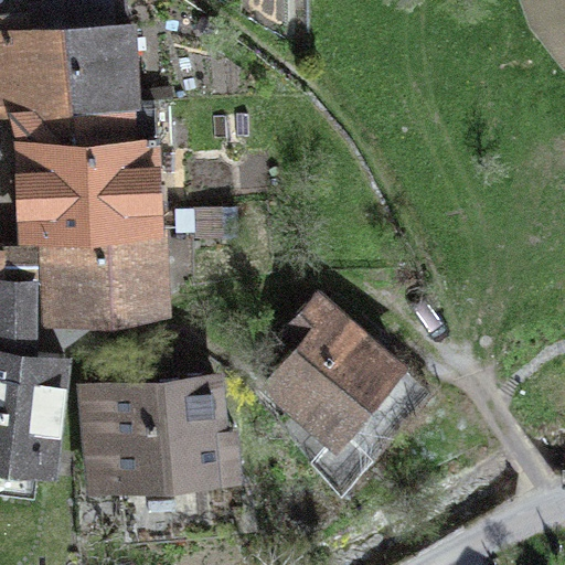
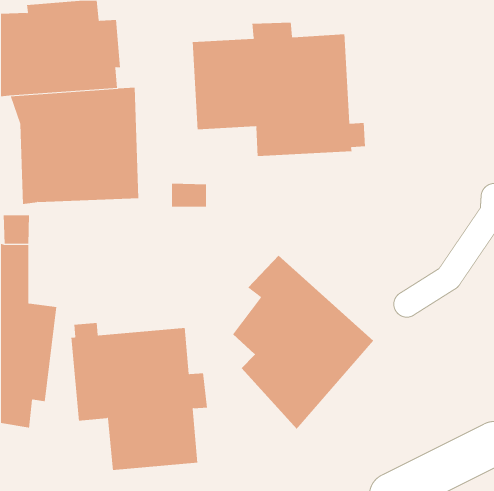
building: none -> [192,22,366,157]
building: [43,231,160,323] -> none

